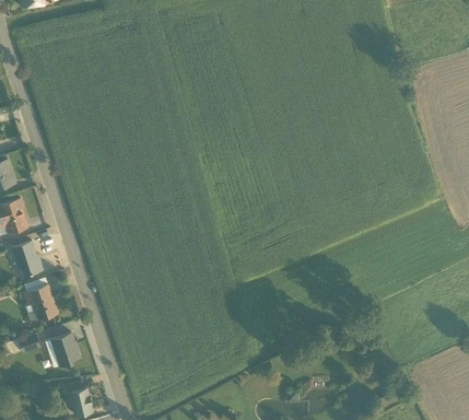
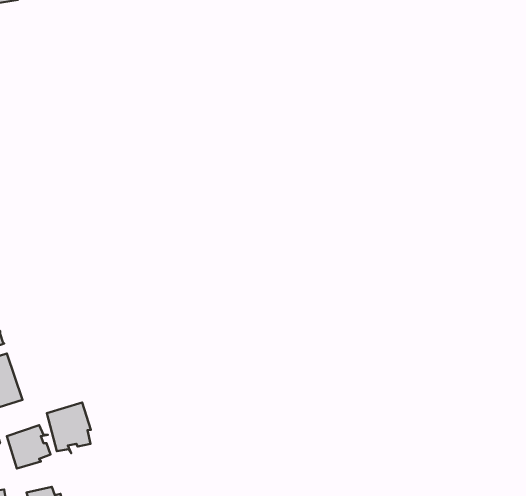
building: none -> [47,402,91,453]

